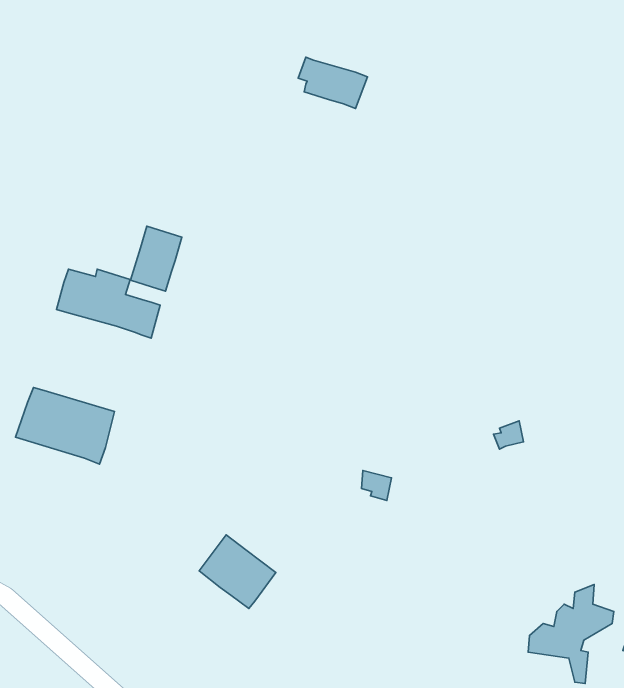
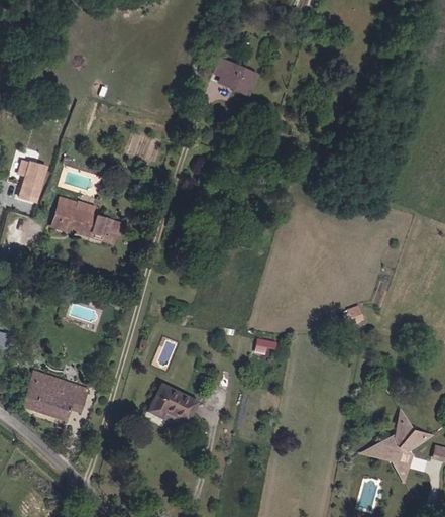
building: none -> [23,165,47,199]
building: [130,226,182,291] -> none
building: [15,387,115,464] -> [21,372,88,423]

